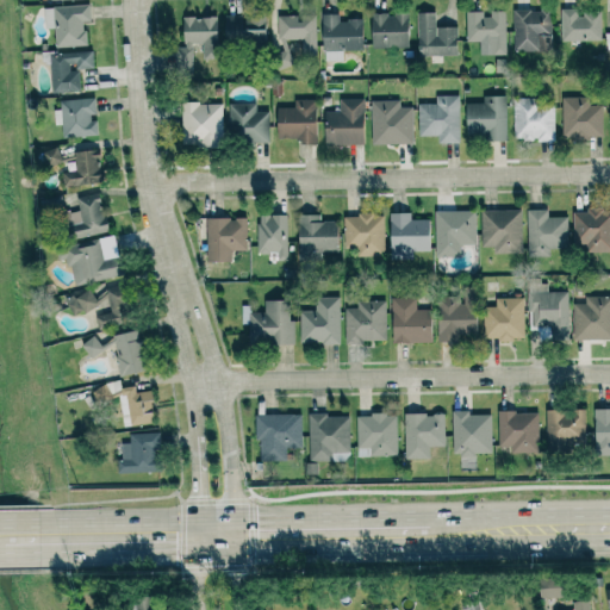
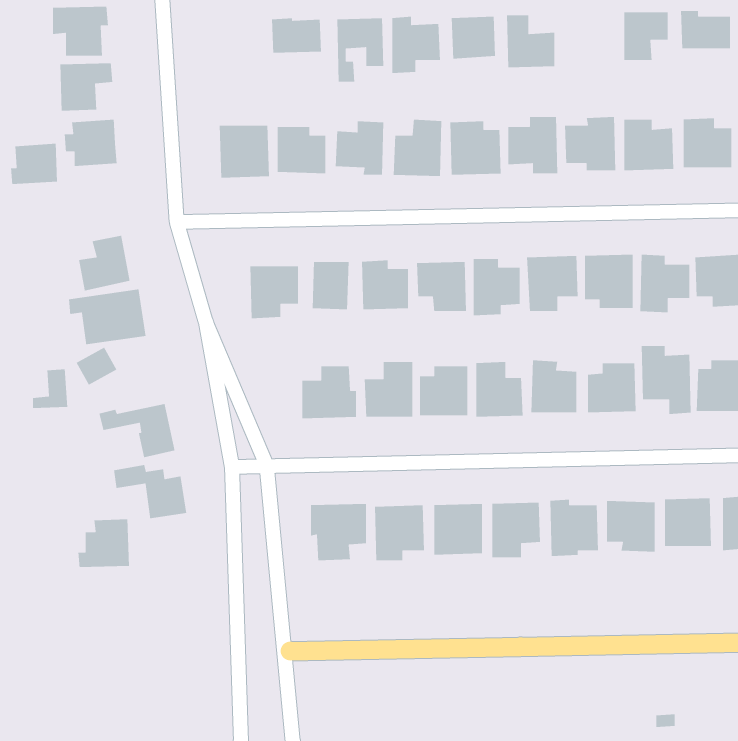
building: [468,11,508,55] -> none
building: [175,17,219,70] -> none
building: [64,151,104,186] -> [10,143,58,185]
building: [98,290,127,323] -> [32,368,68,409]
building: [118,432,161,473] -> [77,519,130,568]

